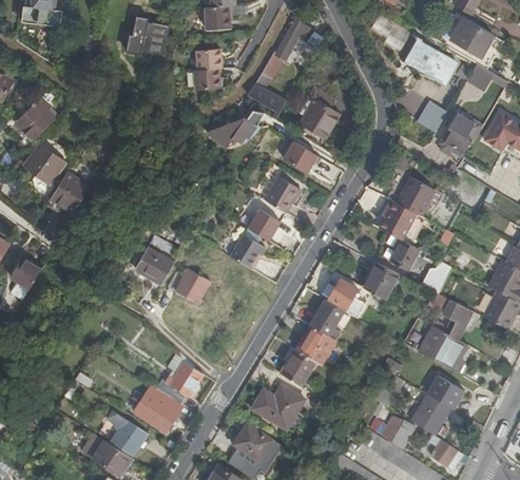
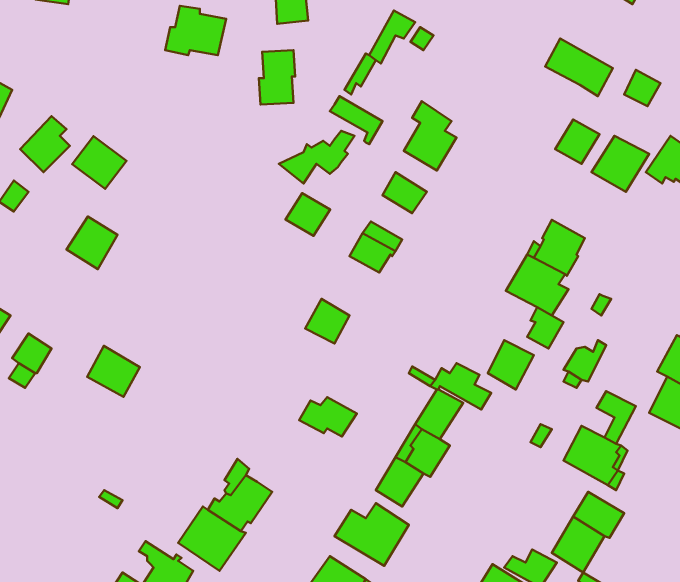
building: [451,21,494,60] -> none
building: [26,143,66,182] -> [72,136,127,189]
building: [248,213,281,244] -> [286,193,330,236]
building: [136,245,175,283] -> [87,346,140,397]
building: [168,269,210,298] -> [299,397,357,437]

